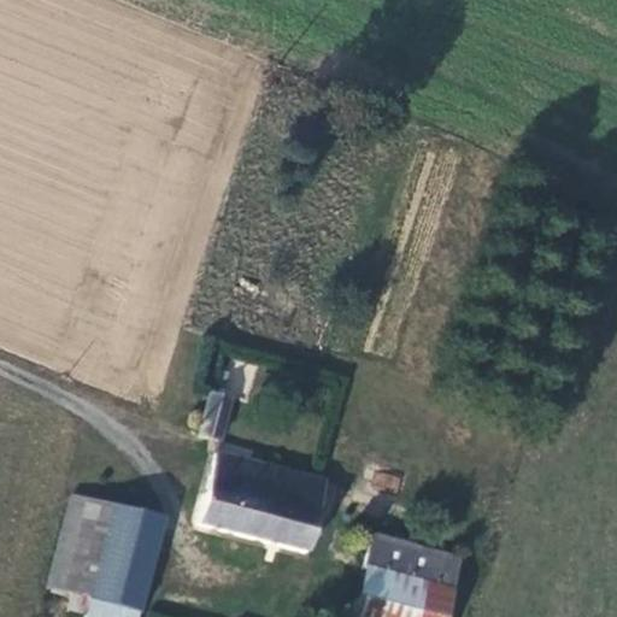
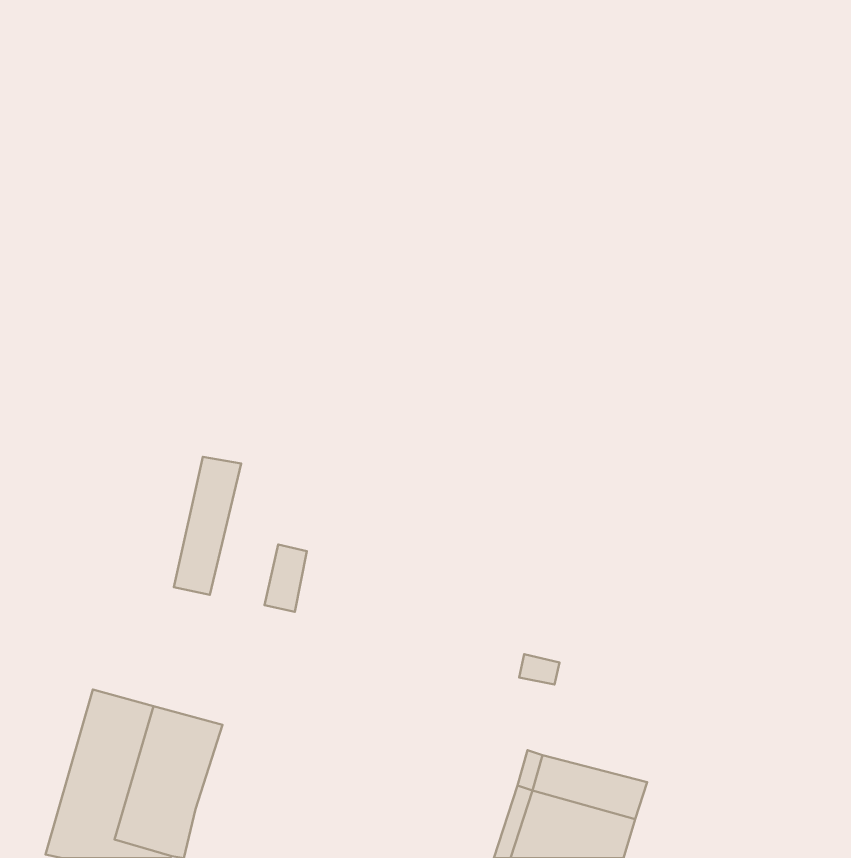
building: none -> [174,457,241,595]
building: [200,448,333,547] -> none

